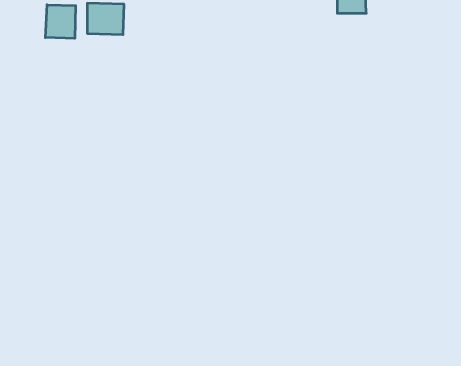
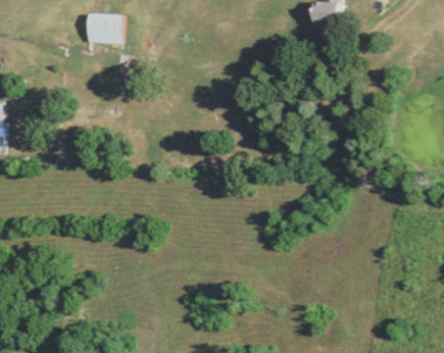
building: [45,5,76,38] -> none

